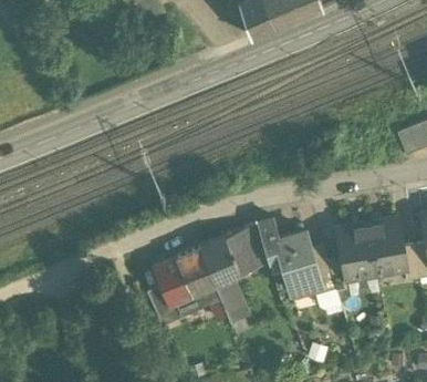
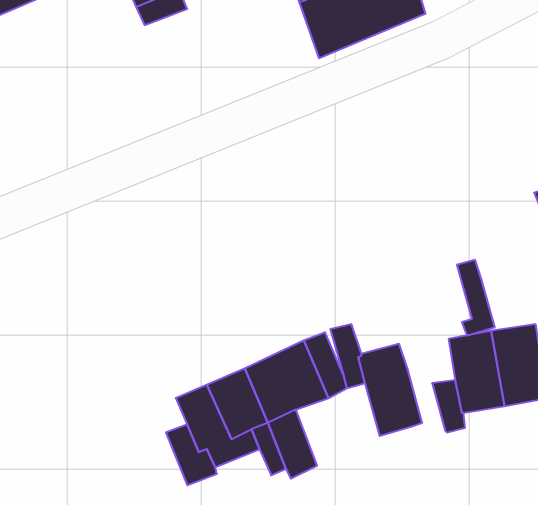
building: [310,246,335,297] -> [457,260,495,335]

